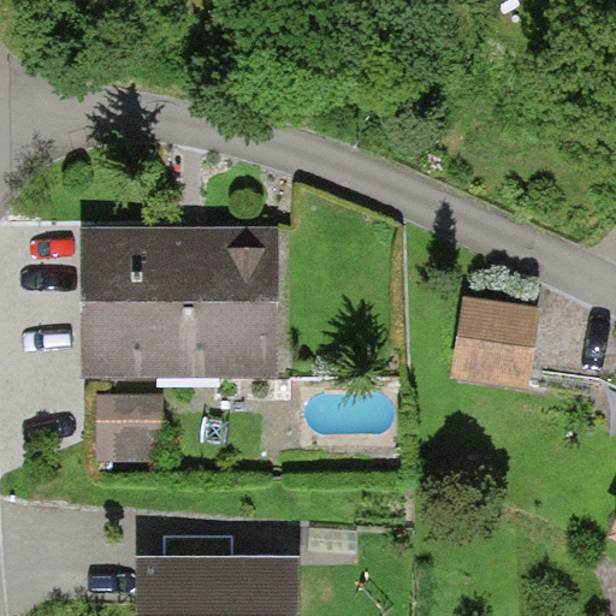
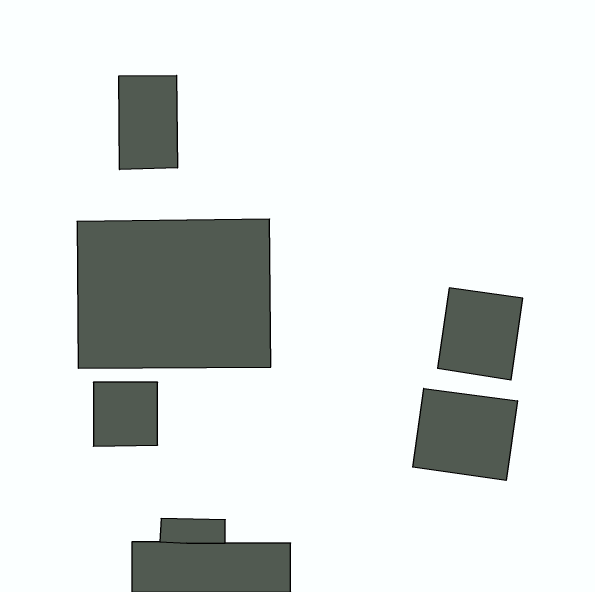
building: none -> [119,75,177,170]
building: none -> [413,388,517,480]

